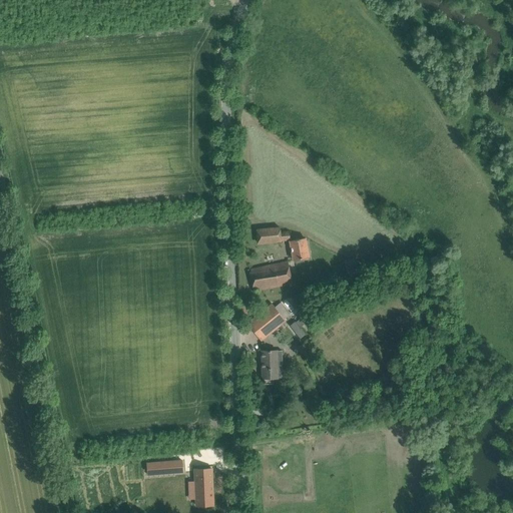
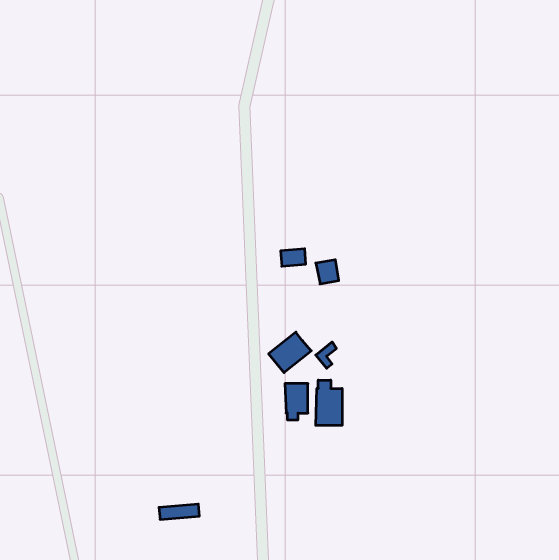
building: [246,262,293,292] -> none
building: none -> [316,380,342,425]
building: [194,468,212,506] -> none

